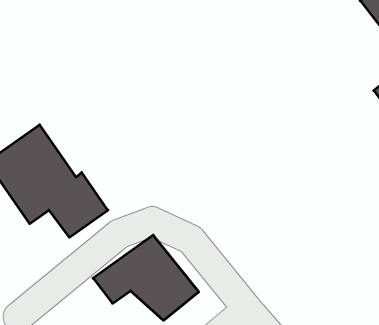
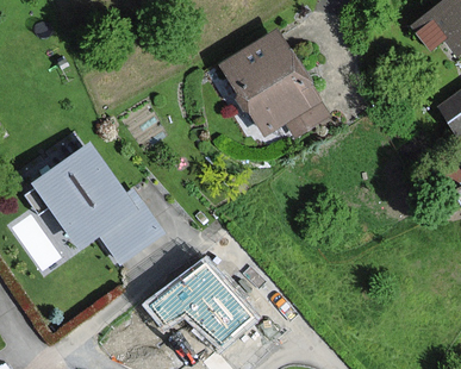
building: none -> [222,30,329,138]

